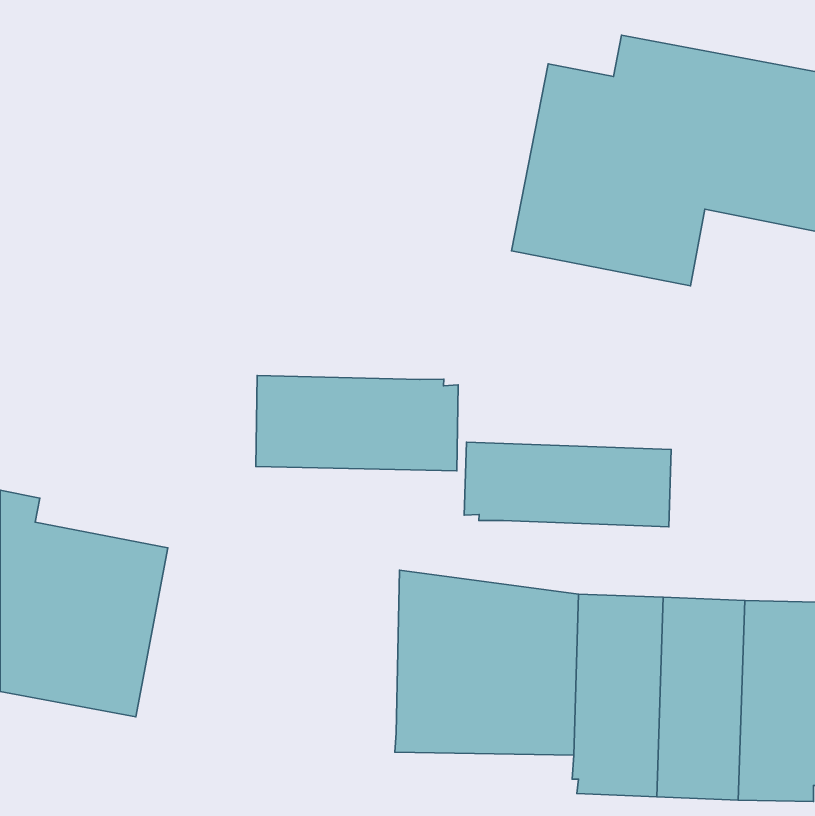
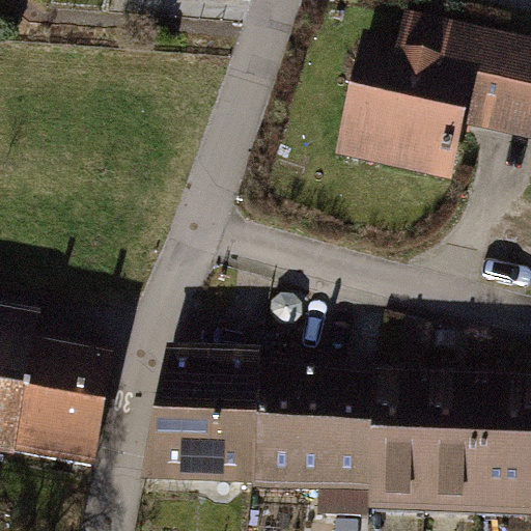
building: [256,375,458,471] -> none
building: [464,442,671,527] -> none
building: none -> [150,363,260,476]

